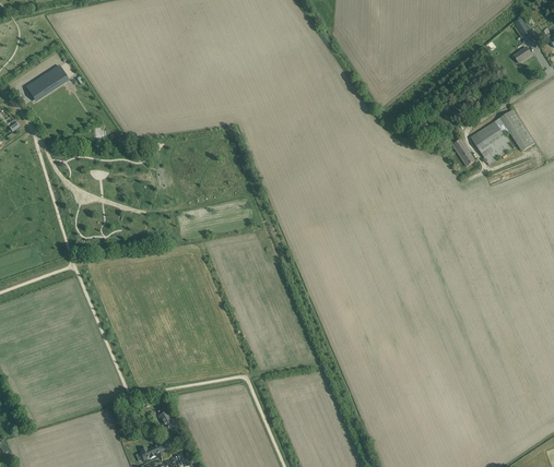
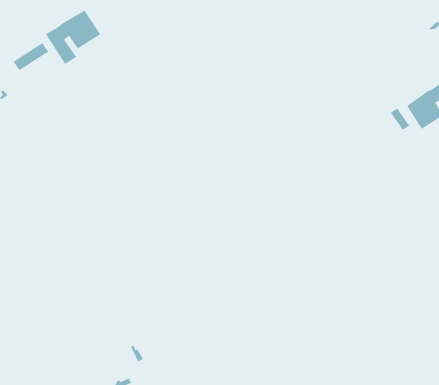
building: none -> [45,10,101,65]

